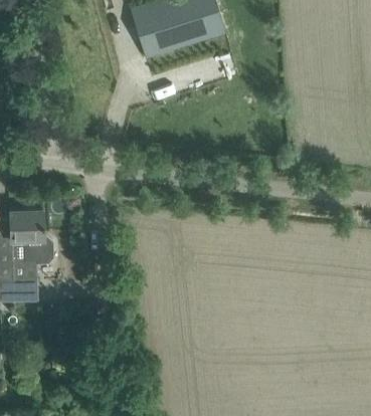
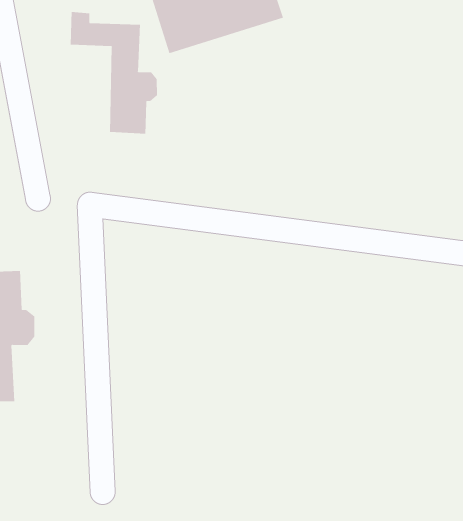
building: none -> [70,11,157,134]

